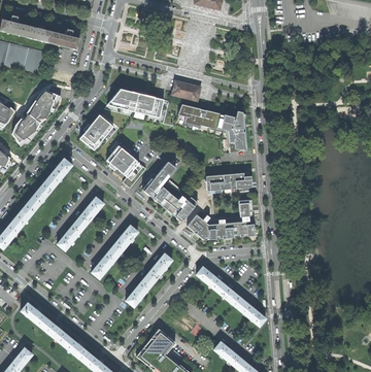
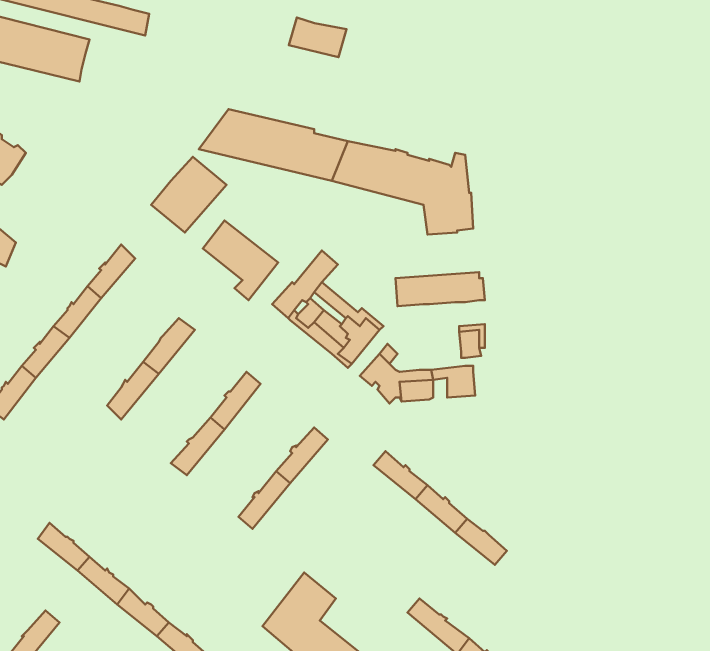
building: [171,79,201,100] -> [289,17,346,57]
building: [11,89,55,142] -> none

